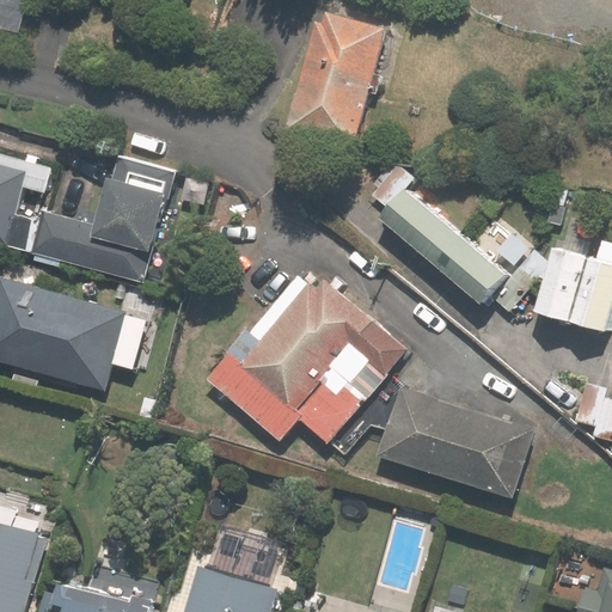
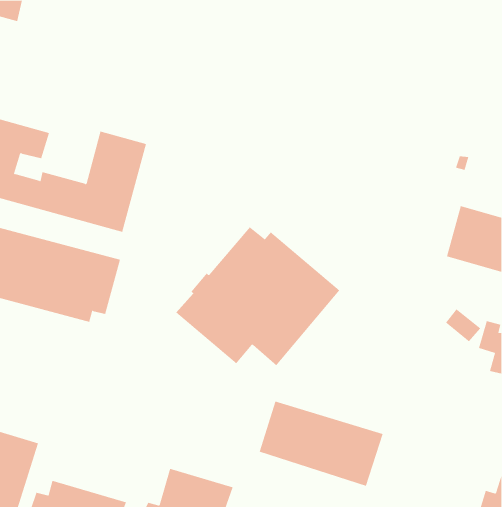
building: [282,16,379,149] -> none
building: [365,164,544,312] -> none
building: [377,393,526,496] -> [259,401,384,487]

